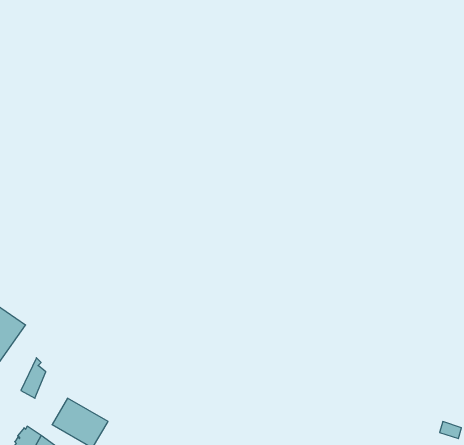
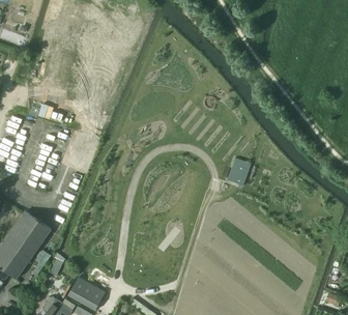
building: none -> [227,159,251,187]

